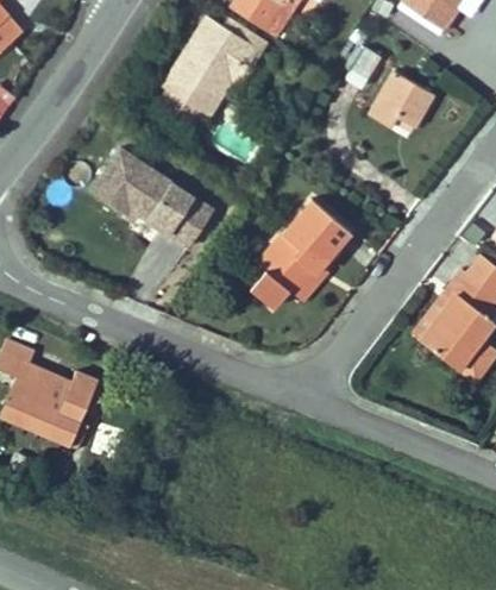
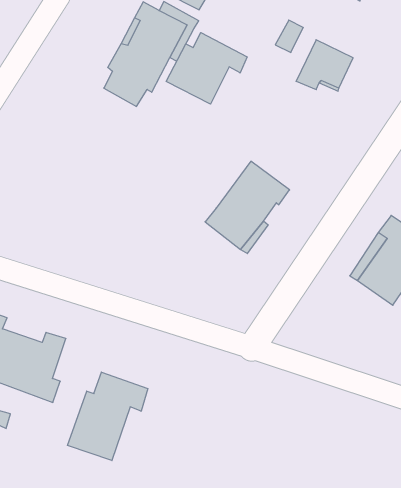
building: none -> [166,33,247,104]
building: [84,145,215,252] -> none
building: none -> [68,372,148,461]

